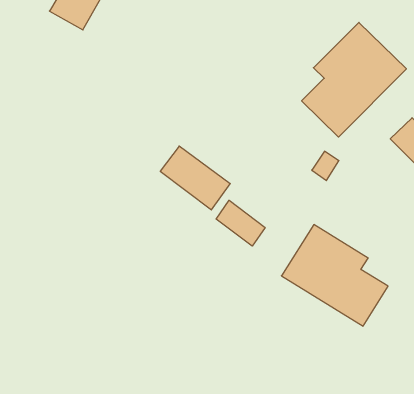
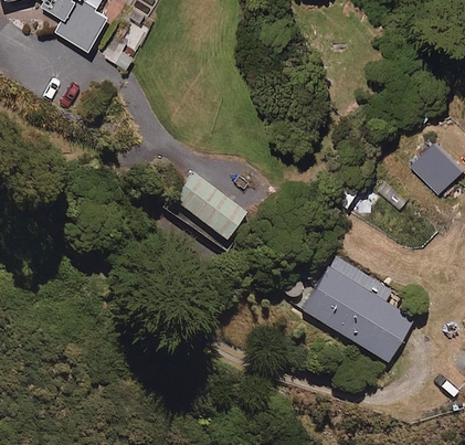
building: [302,22,406,137] -> none
building: [216,200,265,246] -> none

